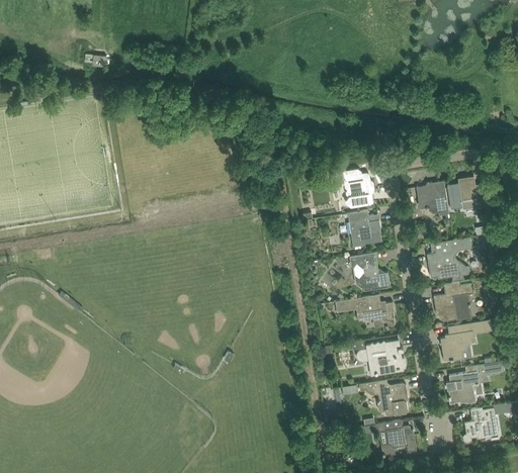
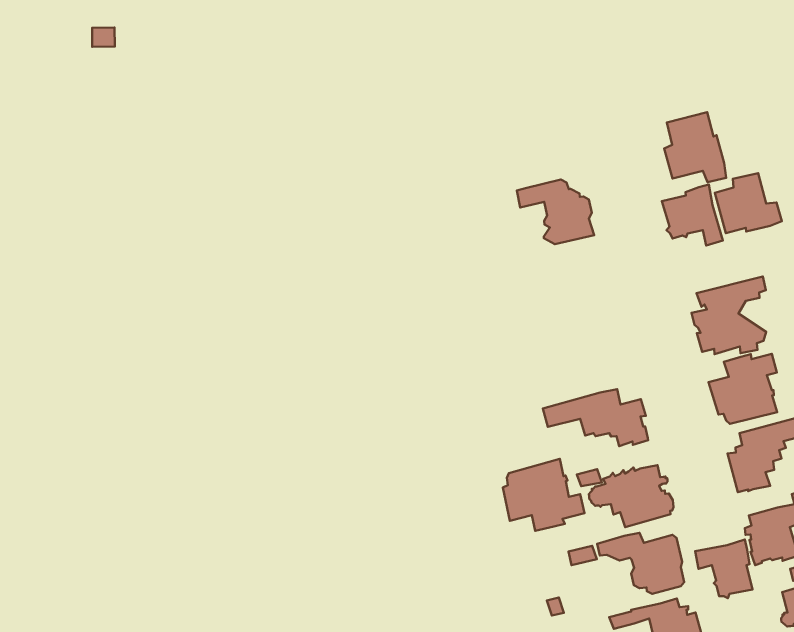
building: none -> [664,112,726,182]
building: [348,210,381,247] -> none
building: [349,252,391,290] -> none
building: none -> [503,459,585,531]
building: none -> [695,539,753,598]

